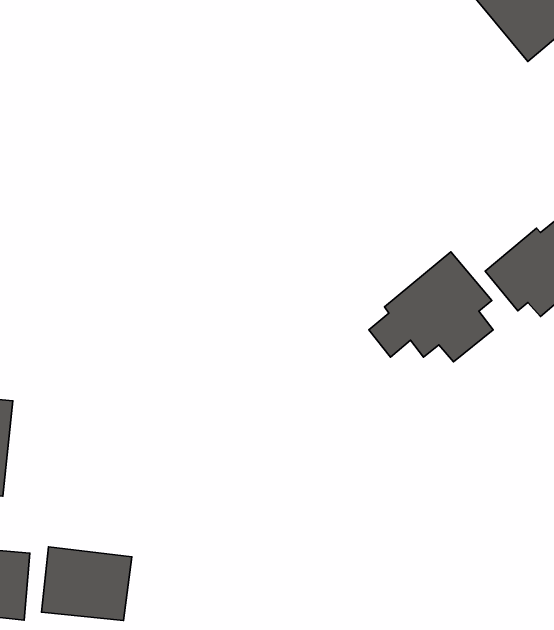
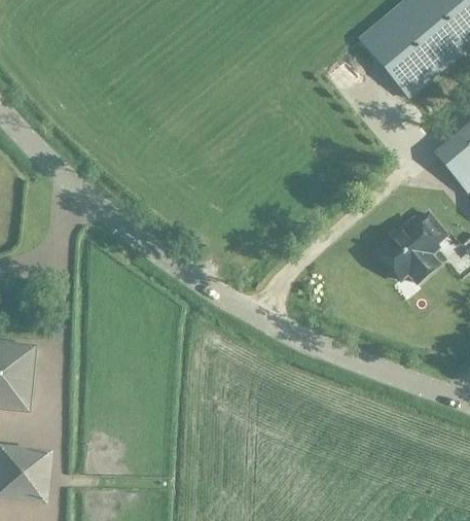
building: [369,252,493,362] -> none
building: [42,547,132,621] -> none

